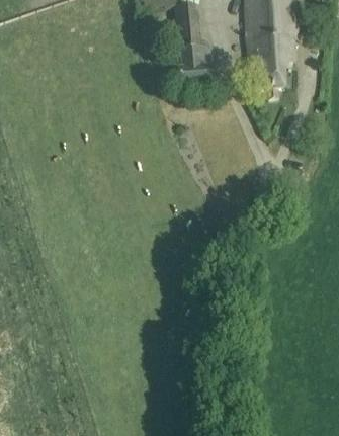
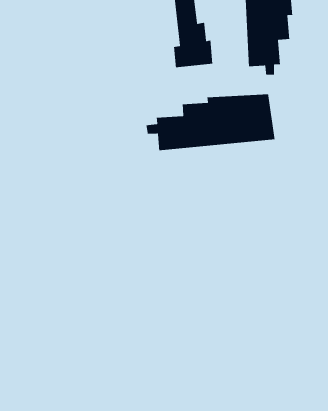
building: none -> [146,94,276,151]

